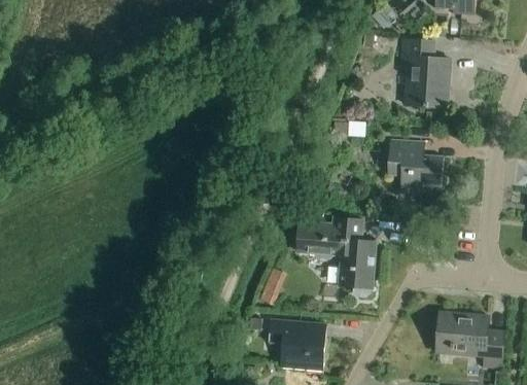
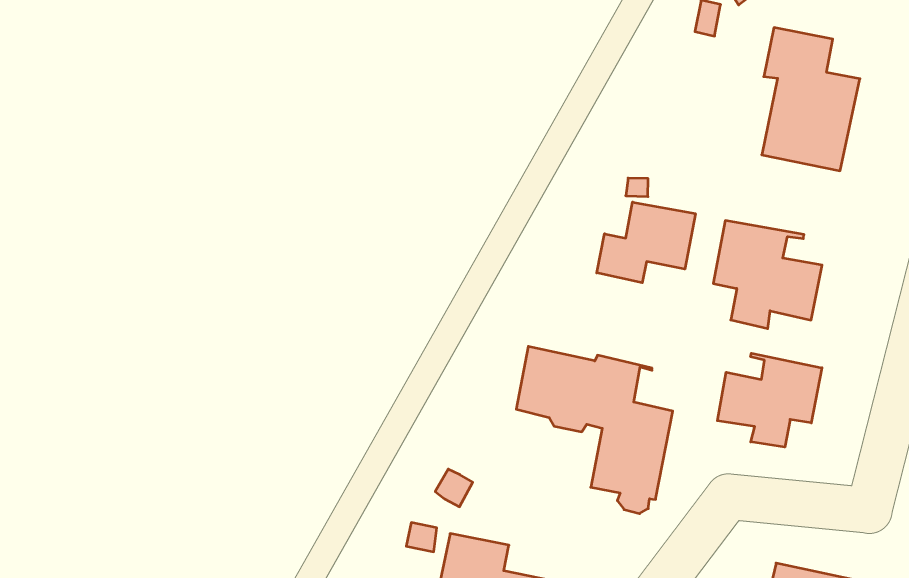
building: none -> [597,202,695,283]
building: none -> [717,353,822,447]

